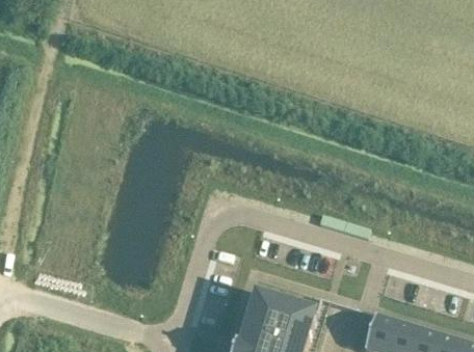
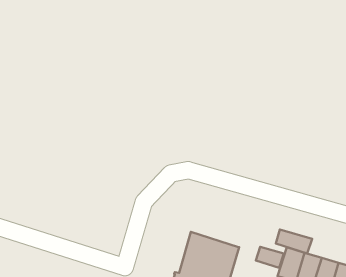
building: none -> [276,229,312,253]
building: none -> [256,247,284,268]

